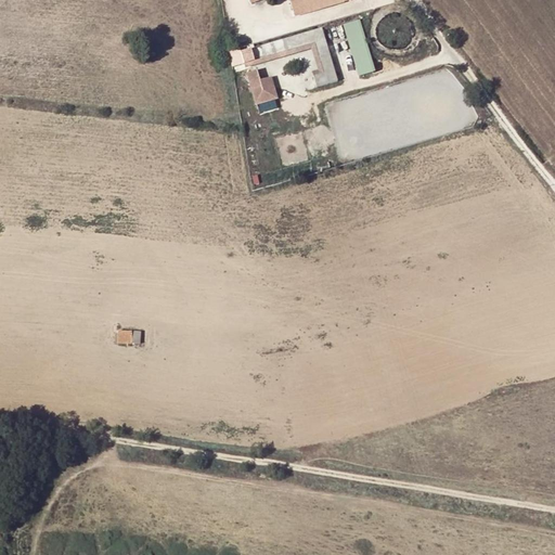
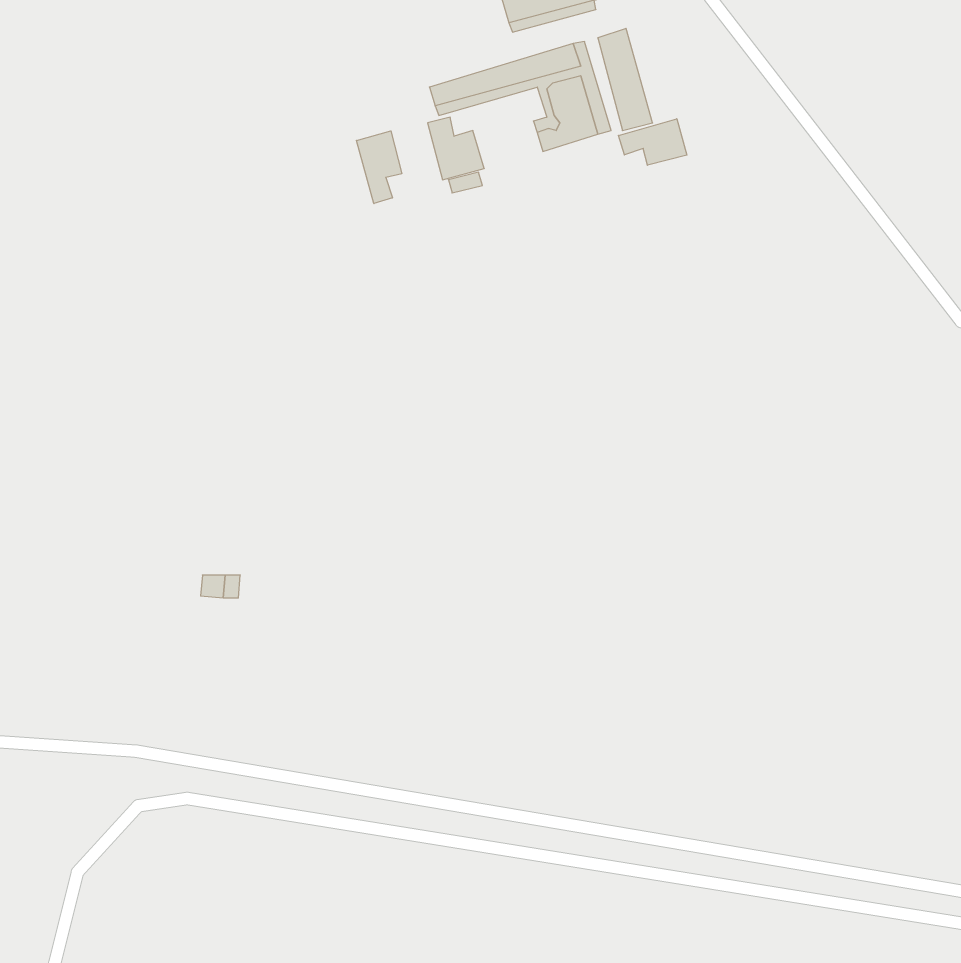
building: none -> [618,119,687,165]
building: none -> [356,131,402,204]

